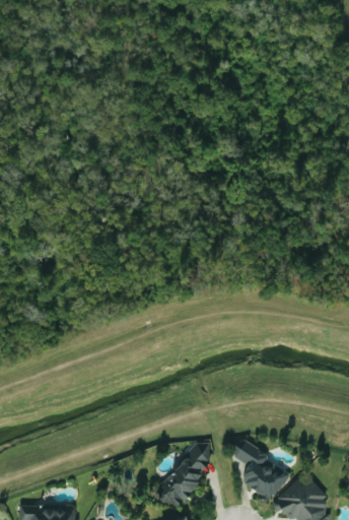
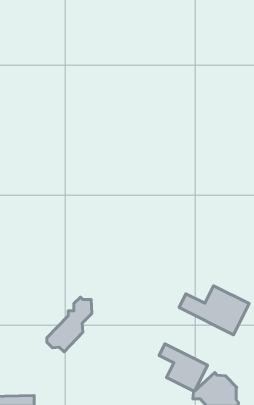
building: none -> [179,286,249,335]
building: [154,441,210,509] -> [47,297,92,352]

